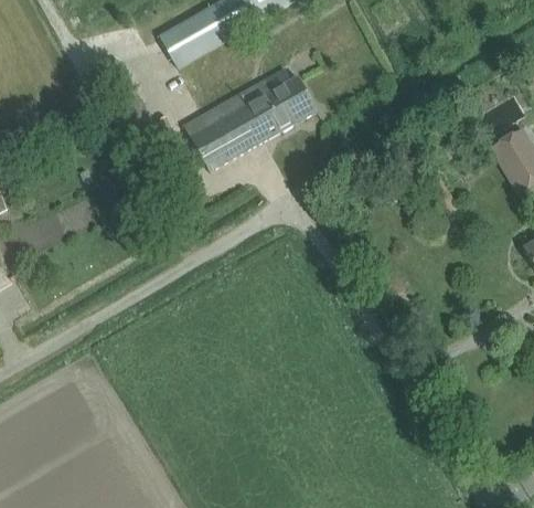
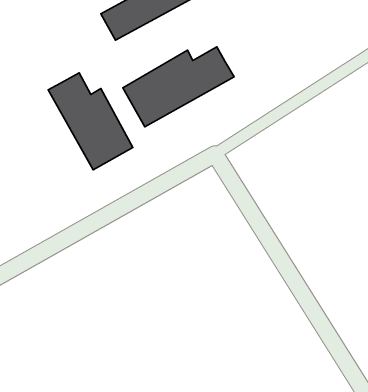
building: none -> [48,73,133,170]

